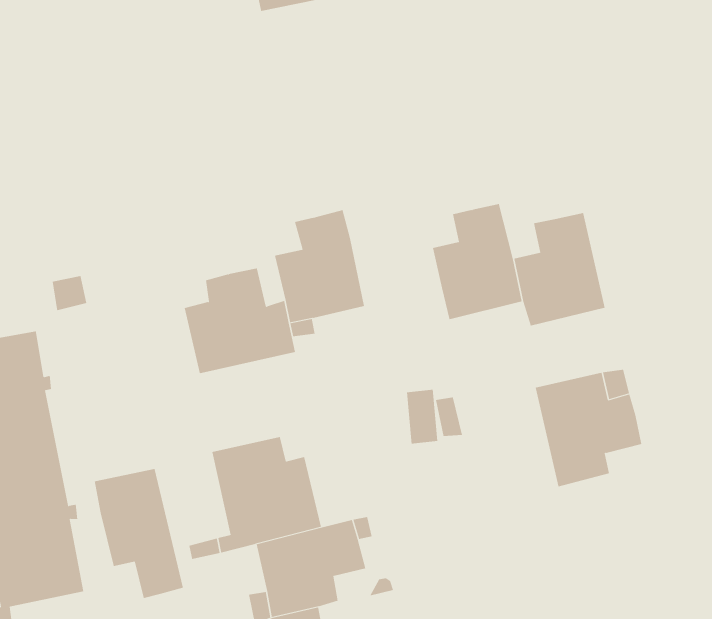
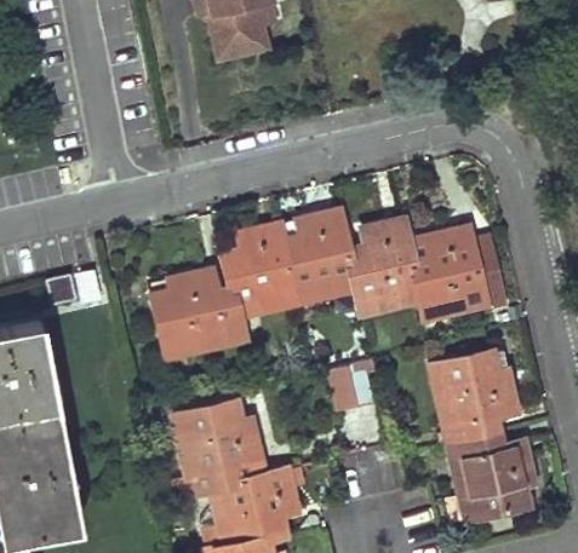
building: none -> [286,208,357,299]
building: [94,468,184,599] -> none
building: none -> [450,431,534,515]

